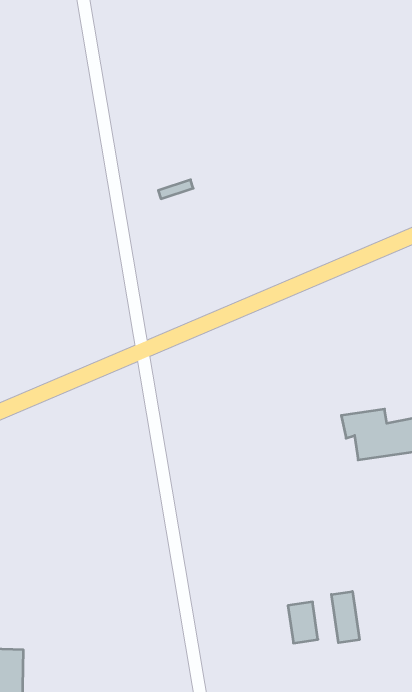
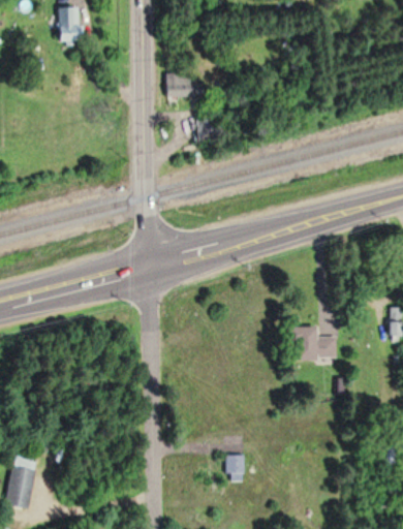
building: none -> [165,73,205,96]
building: [331,591,359,643] -> none

